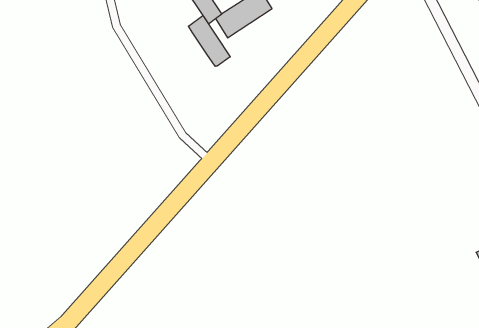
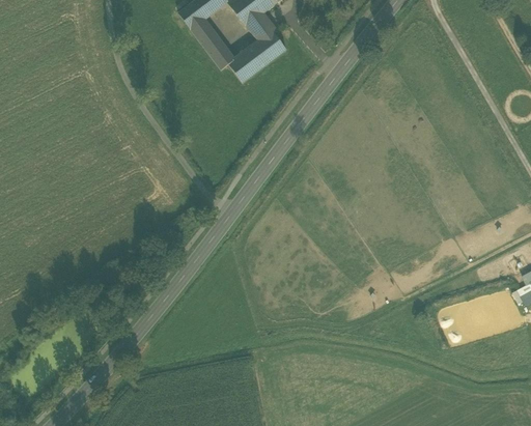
building: [188,16,230,66] -> none

